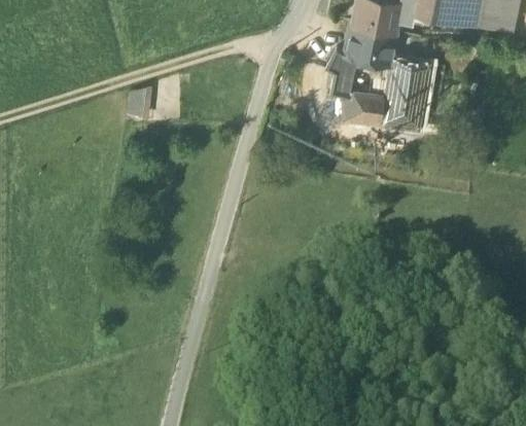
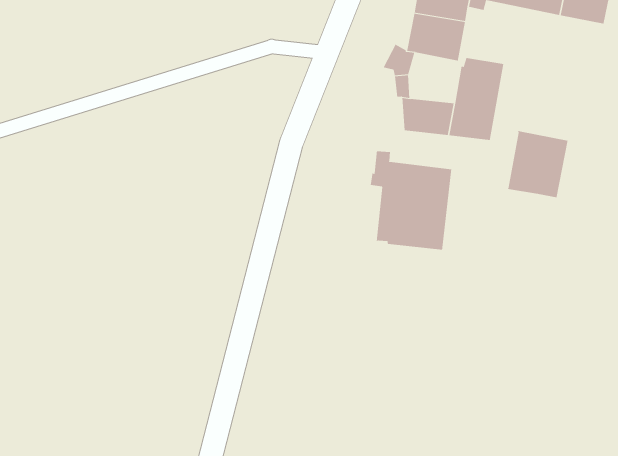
building: [129,86,151,115] -> none
building: none -> [507,130,568,198]
building: none -> [370,150,452,250]

